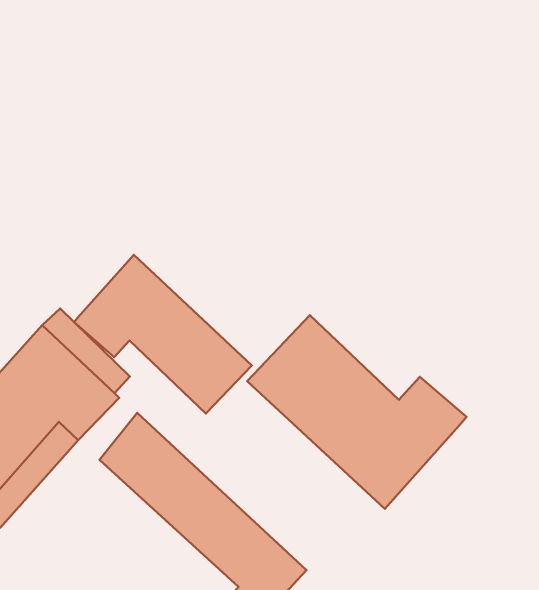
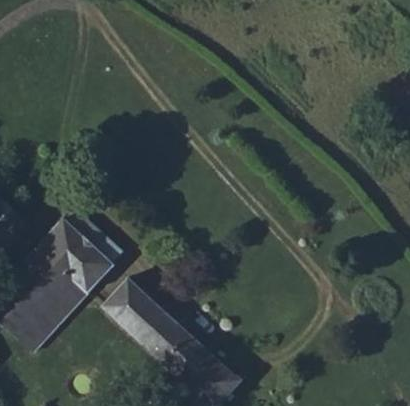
building: [74,255,252,413] -> none
building: [247,315,467,509] -> none

